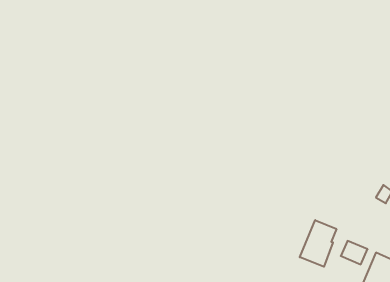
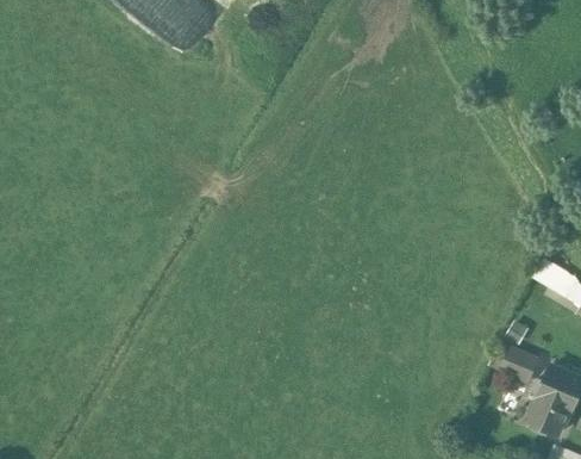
building: [300,220,336,267] -> none

